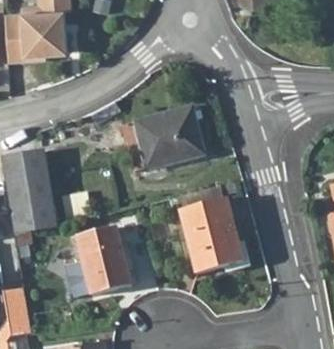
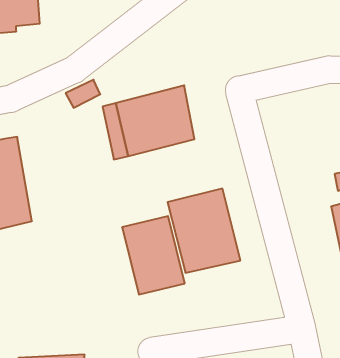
building: [76,223,132,293] -> [122,216,185,295]

